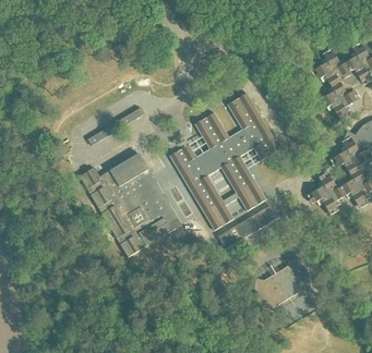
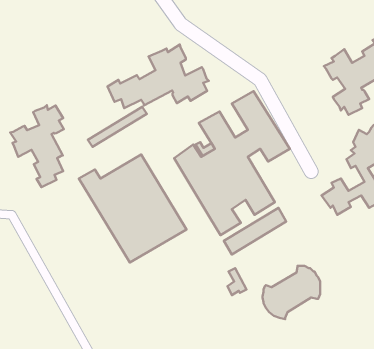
building: none -> [107,44,209,108]
building: none -> [10,105,64,187]

